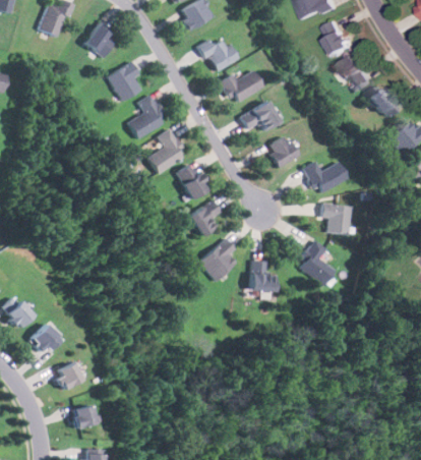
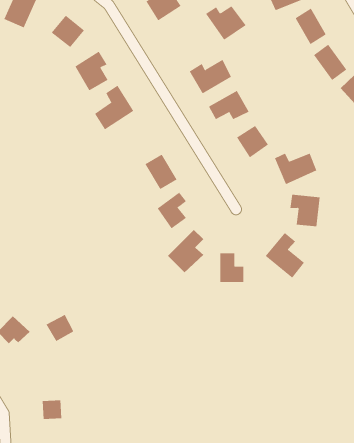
building: [198,38,239,72] -> [205,6,246,41]
building: [147,128,186,174] -> none
building: [55,361,83,389] -> [46,314,74,342]

